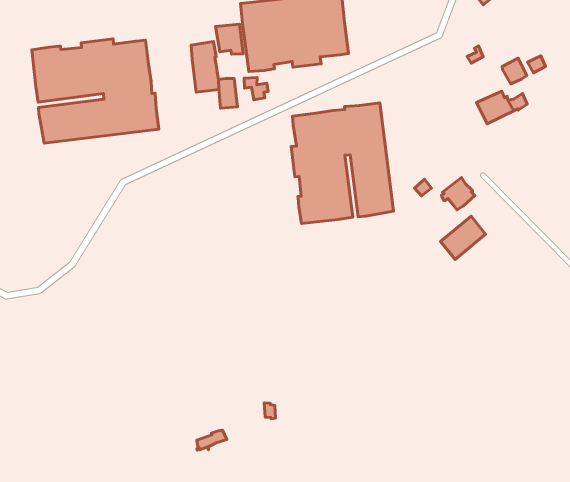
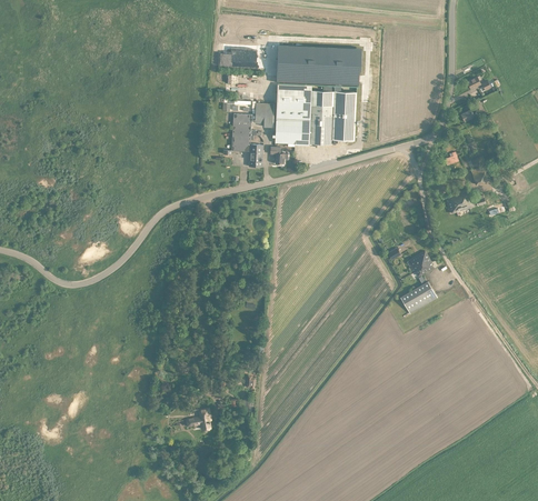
building: [32,39,159,143] -> none
building: [291,103,393,223] -> none

